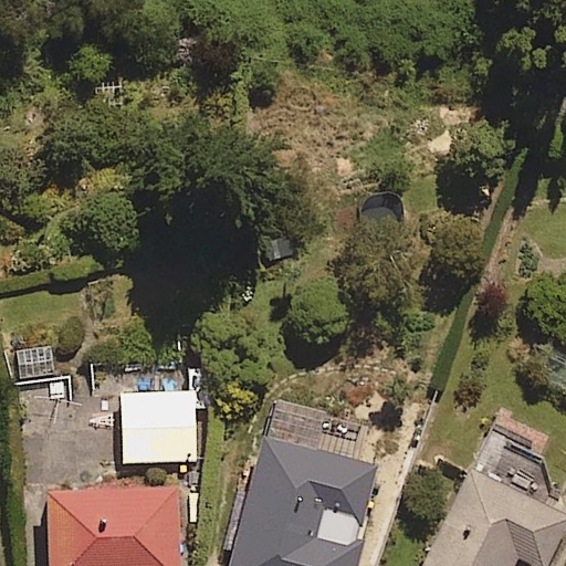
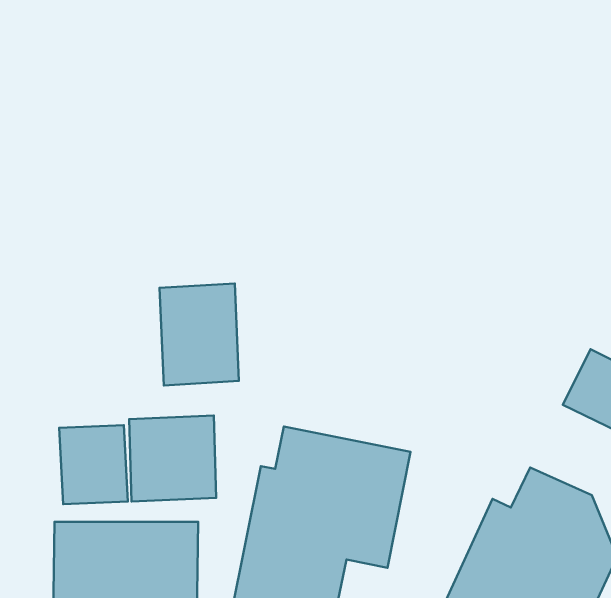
building: none -> [160,283,239,385]
building: none -> [59,425,128,504]

